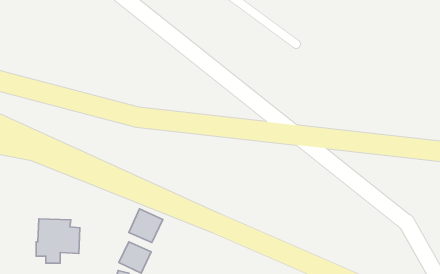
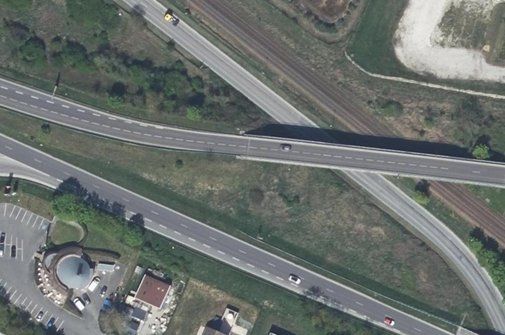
building: [129,209,163,243] -> none

